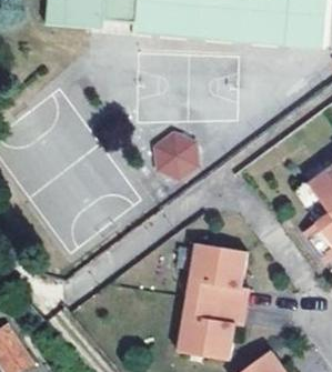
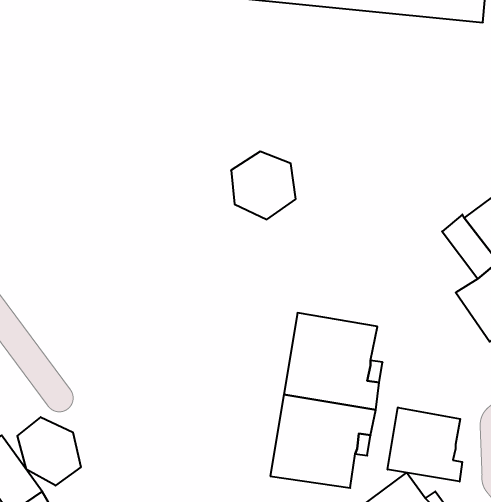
building: none -> [388,407,462,482]
building: none -> [17,417,81,486]

